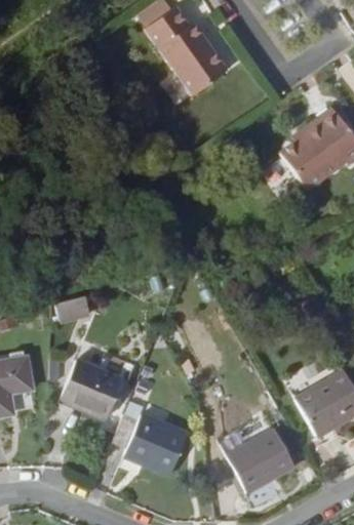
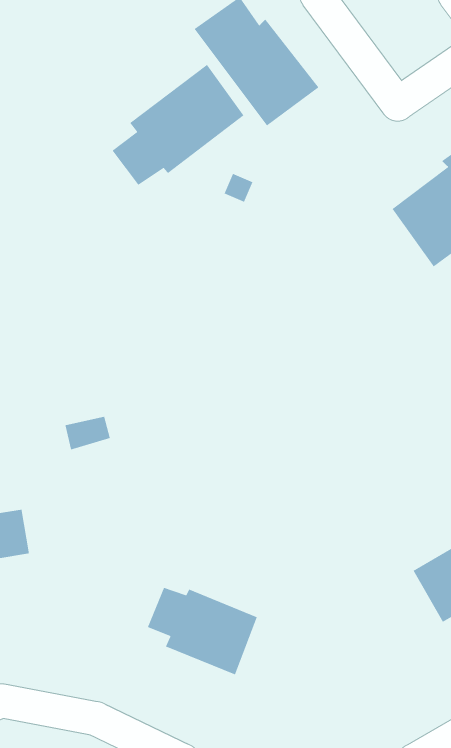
building: none -> [111,64,245,186]
building: [60,360,121,418] -> none
building: [230,427,298,490] -> none

